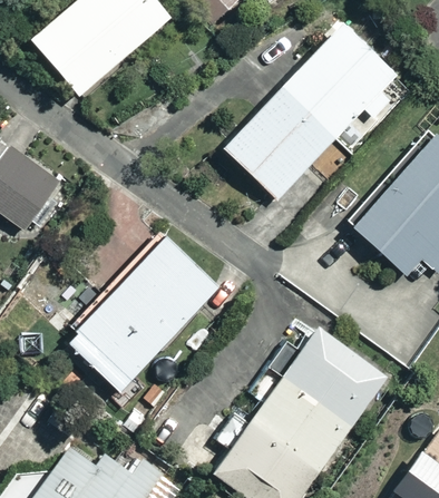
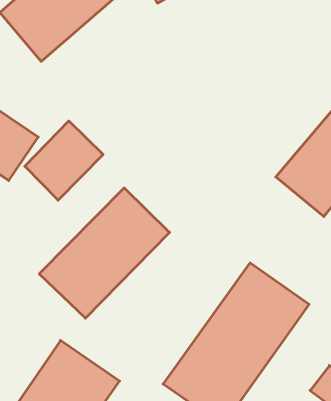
building: [224,23,399,204] -> none
building: none -> [25,121,103,200]

